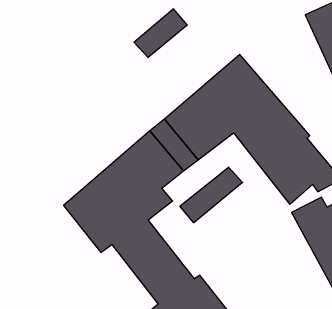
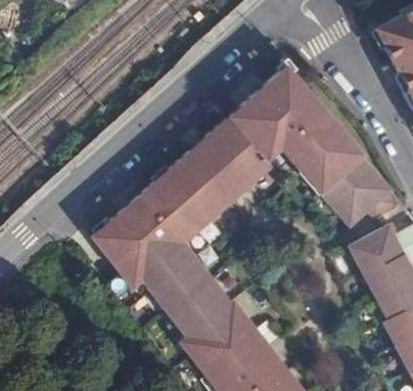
building: [134,9,187,58] -> none
building: [180,167,243,223] -> none

